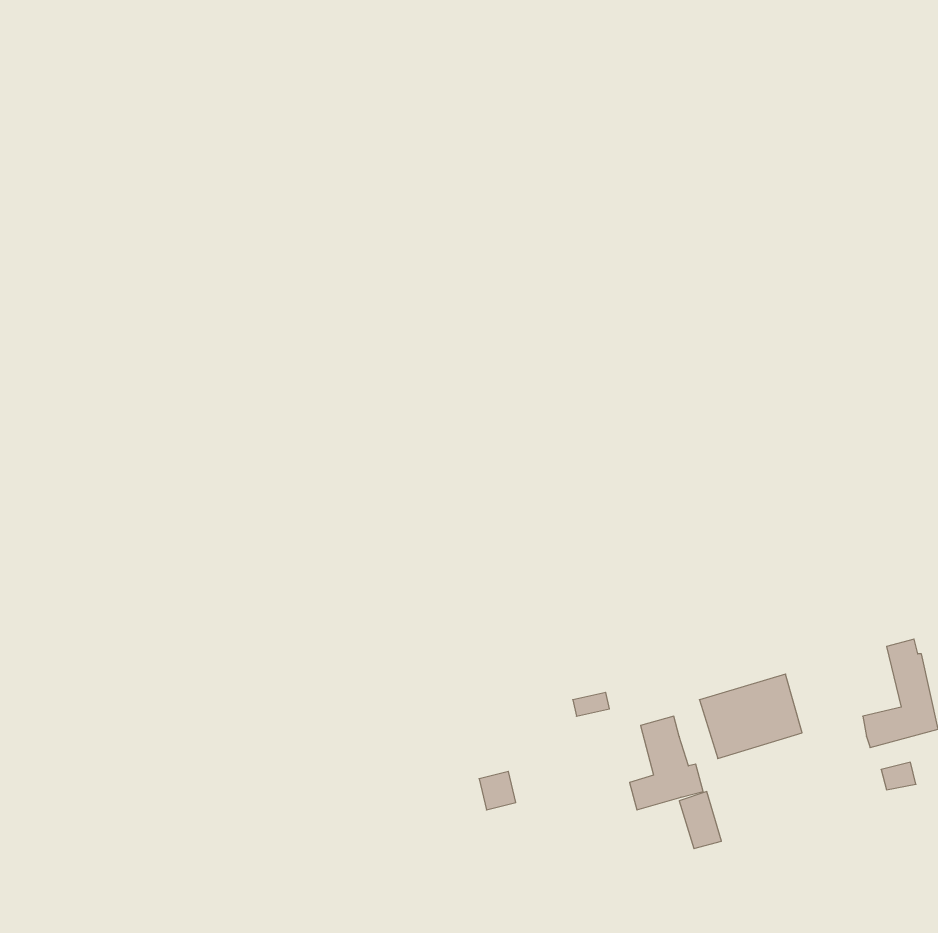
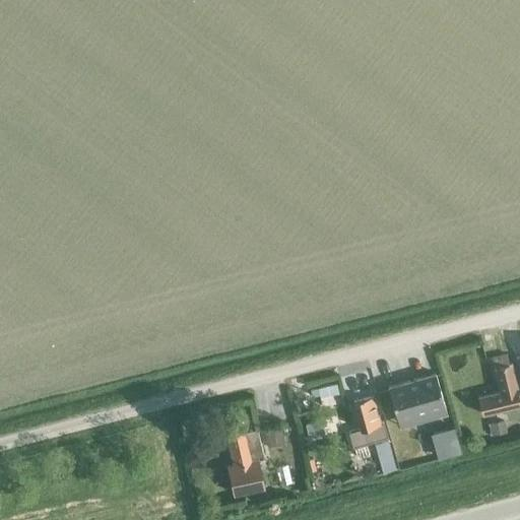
building: none -> [225,426,265,497]
building: none -> [430,429,462,461]

